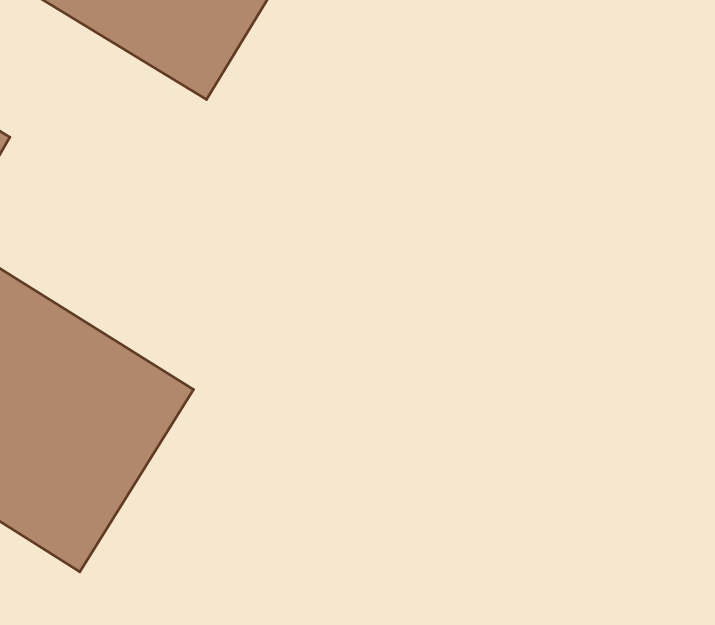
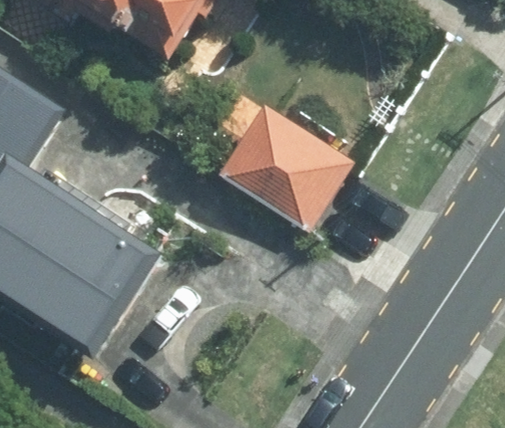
building: none -> [219,98,355,229]

